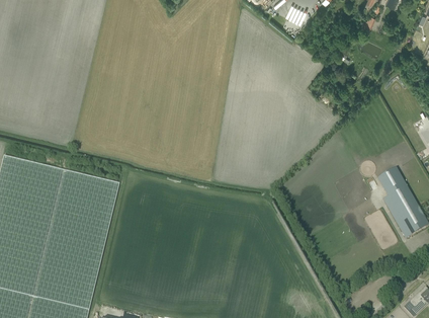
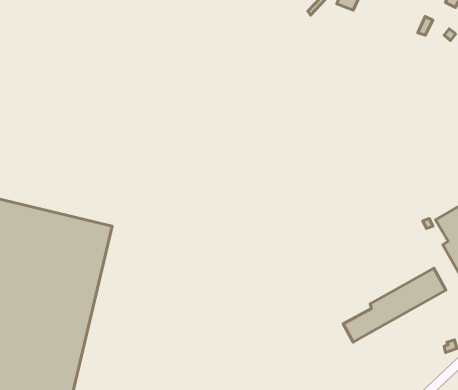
building: none -> [343,268,446,342]

